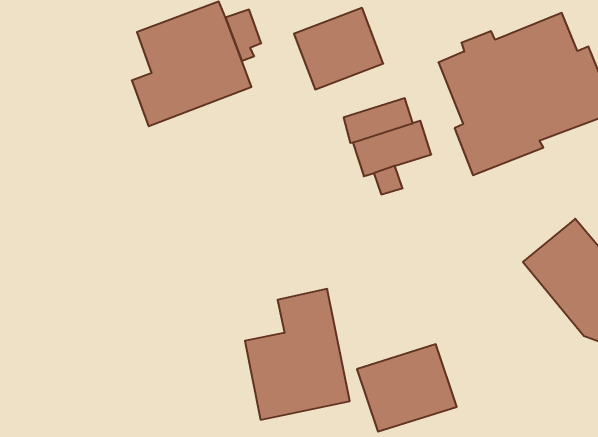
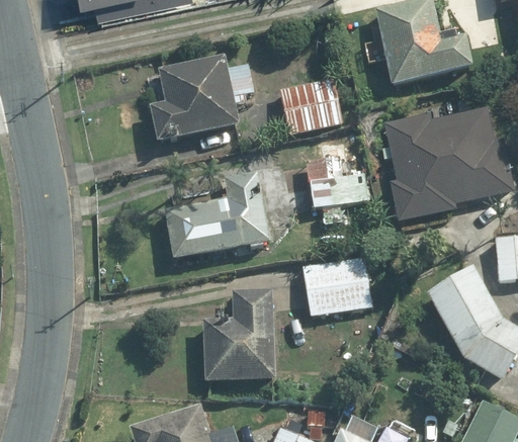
building: none -> [165,171,270,258]
building: [357,344,457,432] -> [303,256,374,316]

